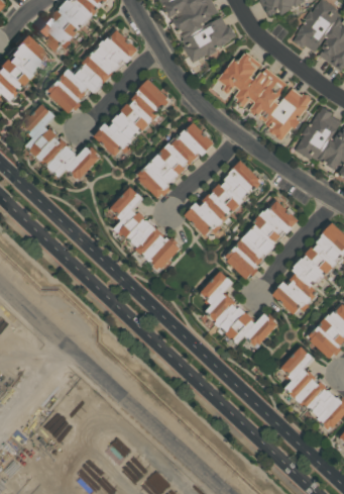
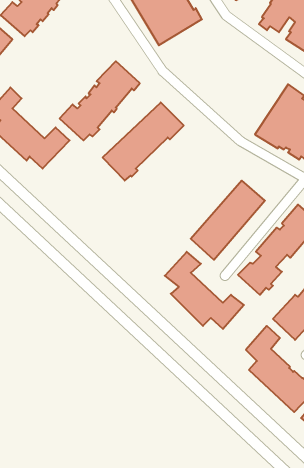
building: [44,26,140,114] -> none
building: [213,51,310,140] -> none
building: [183,162,259,237] -> none
building: [109,185,178,270] -> none

